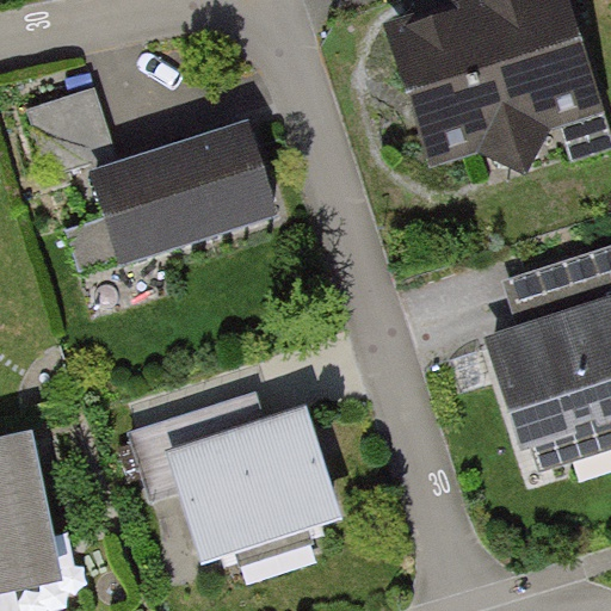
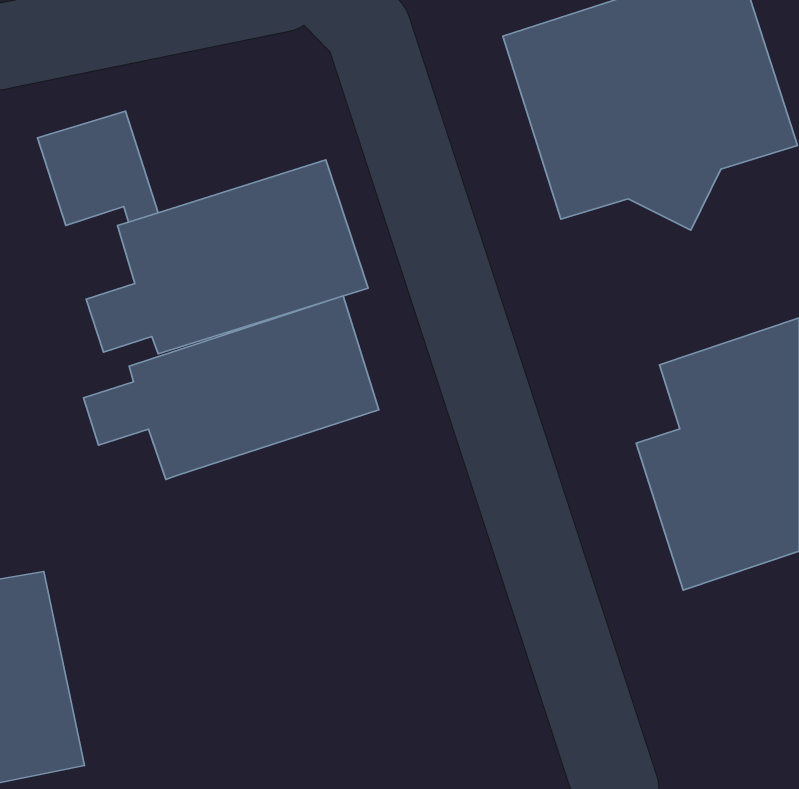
building: none -> [84,296,379,479]
building: [128,389,346,566] -> none

